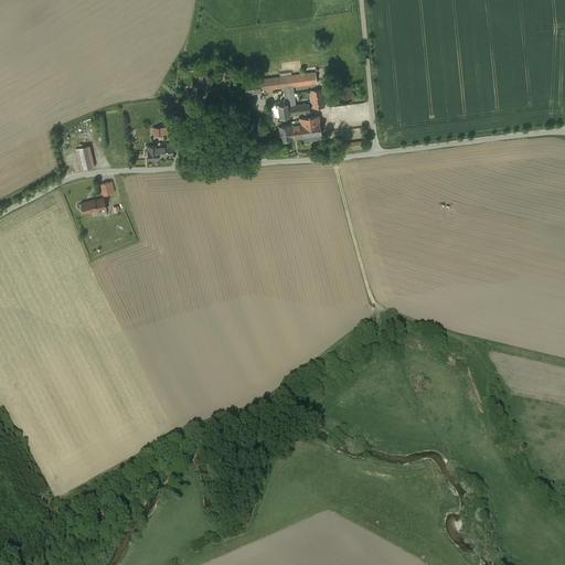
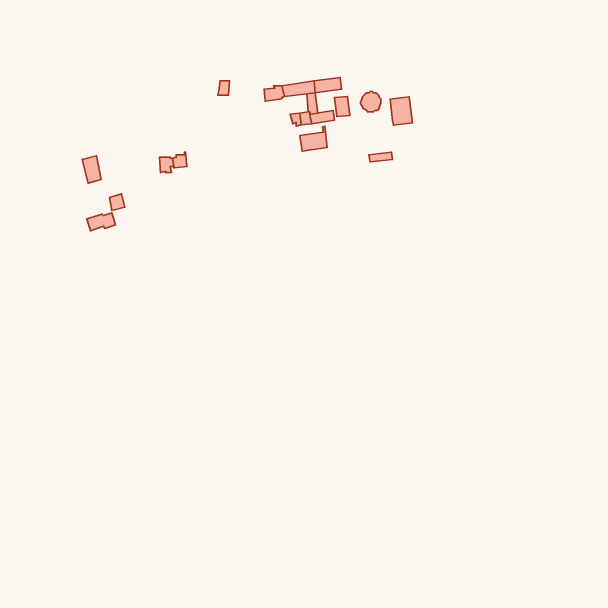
building: [301,115,322,141] -> [390,97,413,125]

